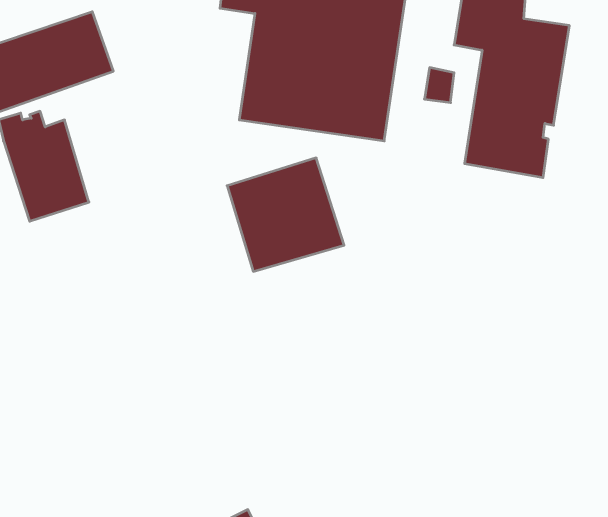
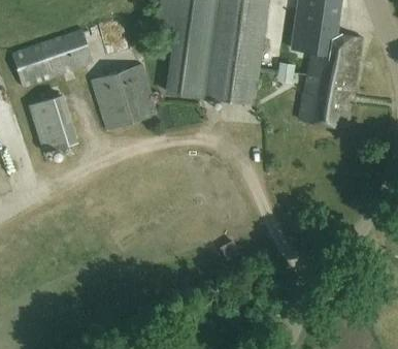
building: [227,158,344,271] -> [90,63,159,130]

